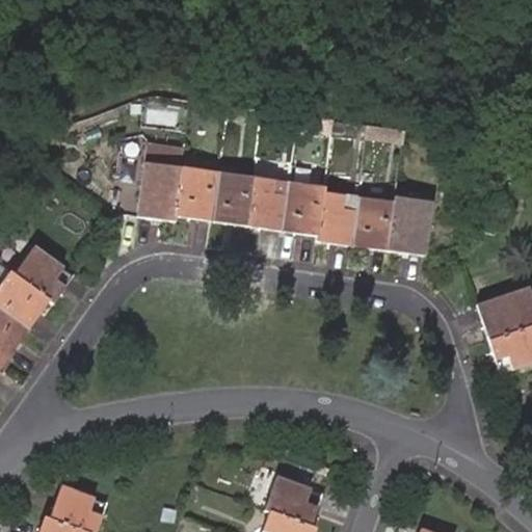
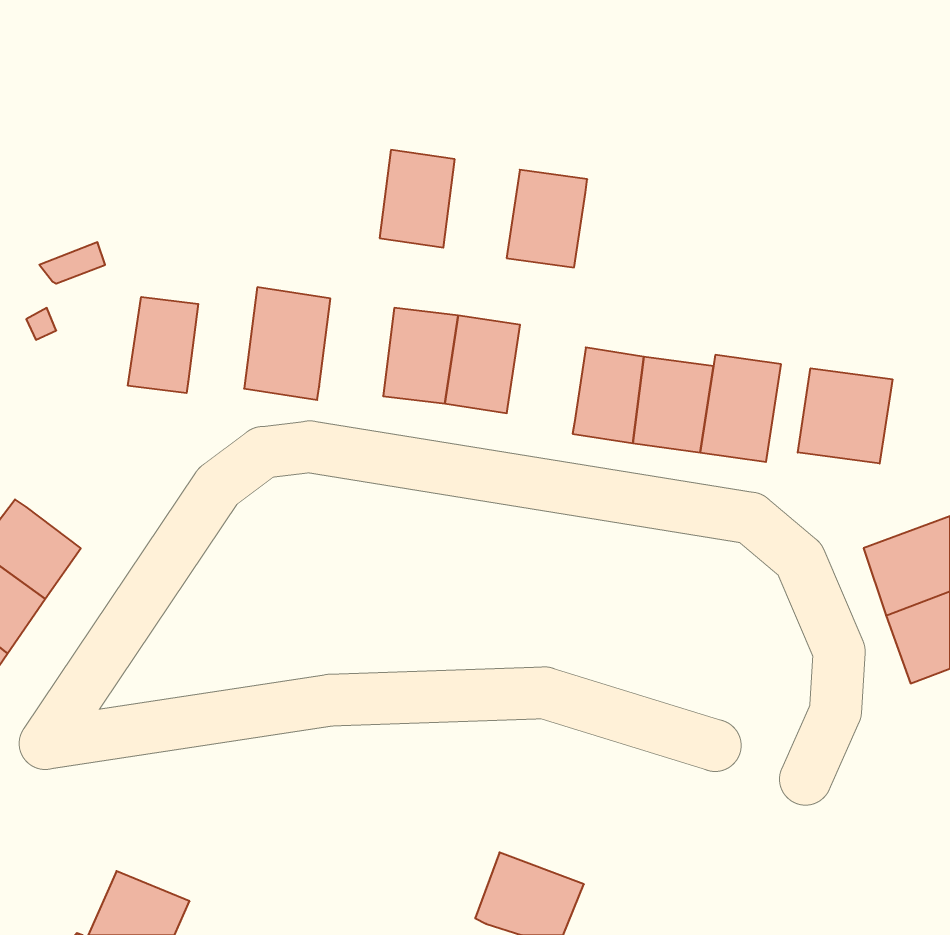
building: none -> [128,297,198,393]
building: [177,165,218,219] -> [380,150,455,248]
building: [281,180,325,234] -> [507,170,587,267]
building: none -> [798,368,892,464]
building: [15,249,76,309] -> none

